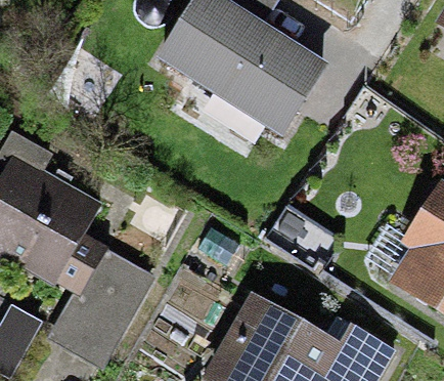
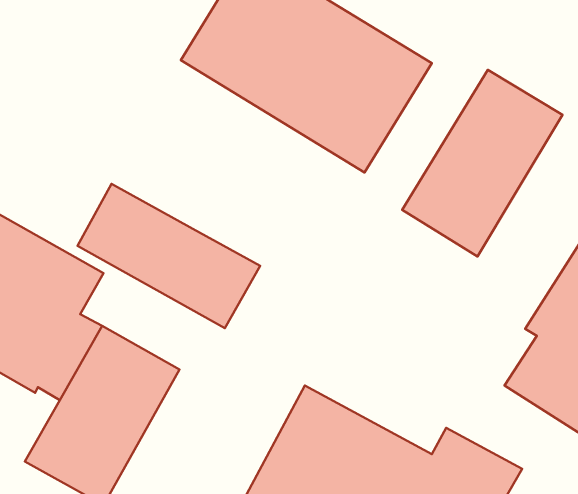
building: none -> [402,70,562,256]
building: none -> [77,184,260,328]

